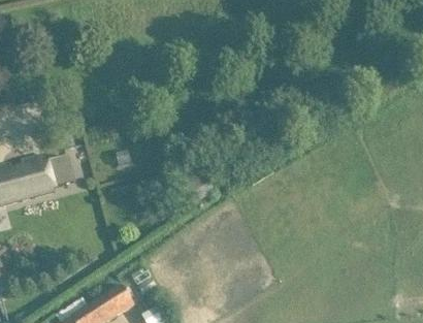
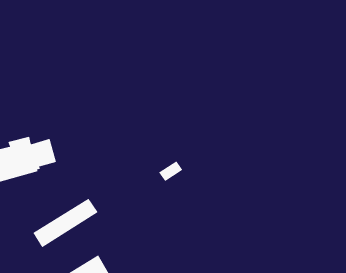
building: none -> [32,198,99,248]

